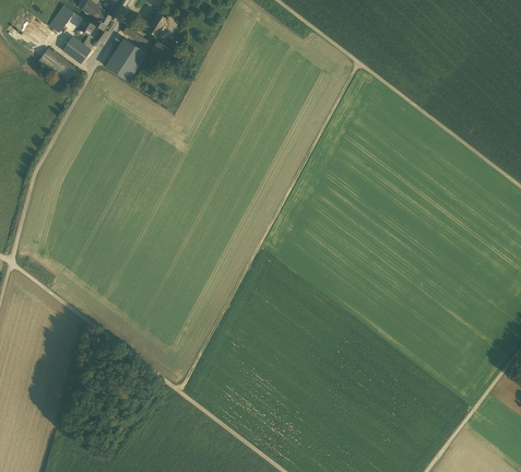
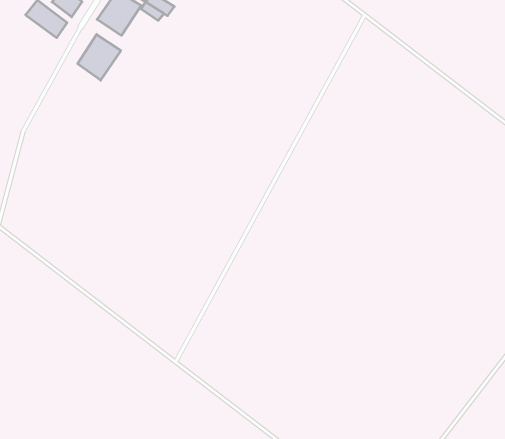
building: none -> [78,34,121,80]

